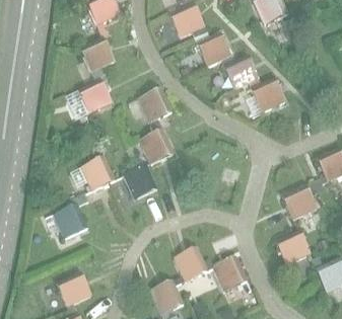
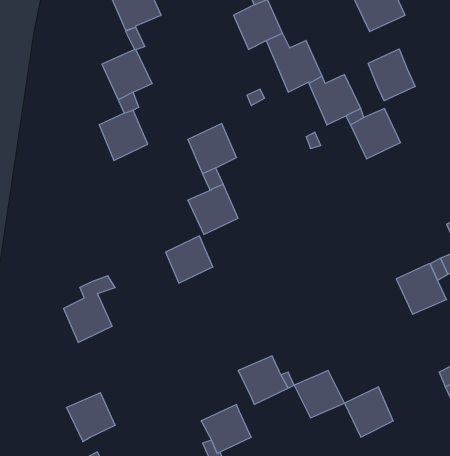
building: none -> [368,49,415,101]
building: [82,157,115,189] -> none
building: [275,230,309,264] -> [344,387,393,437]

